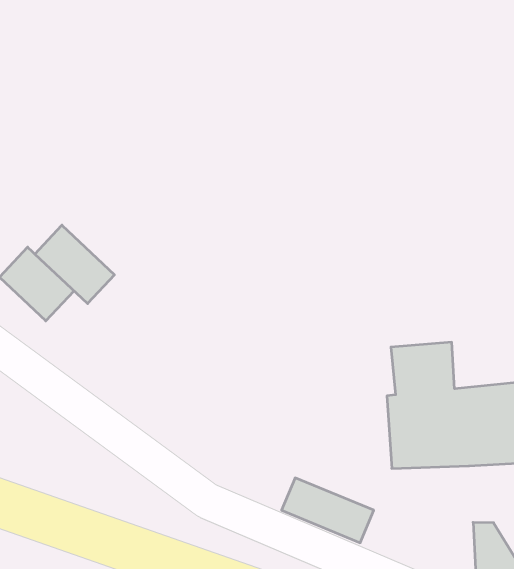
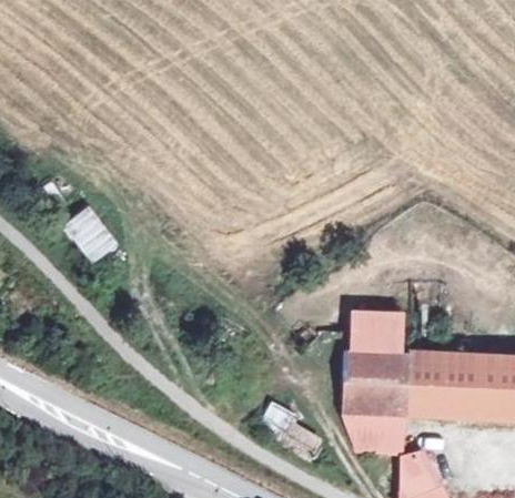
building: [35,225,114,304] -> none
building: none -> [344,407,403,454]

